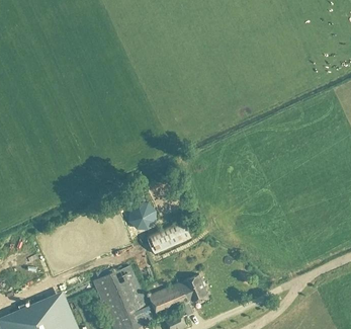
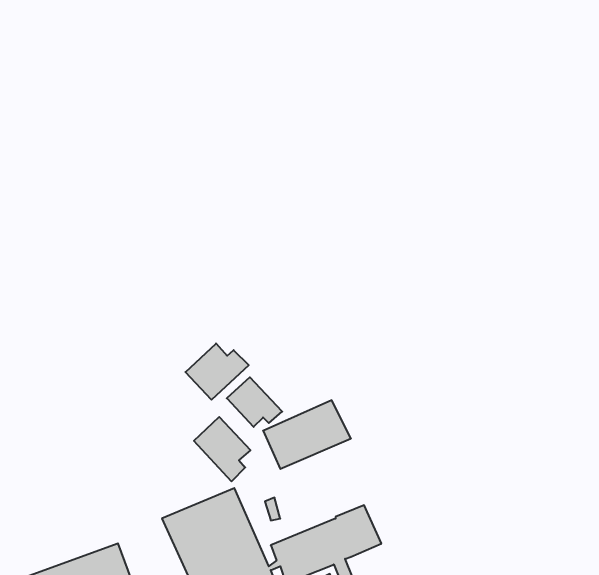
building: none -> [185,343,249,400]
building: none -> [194,417,250,481]

